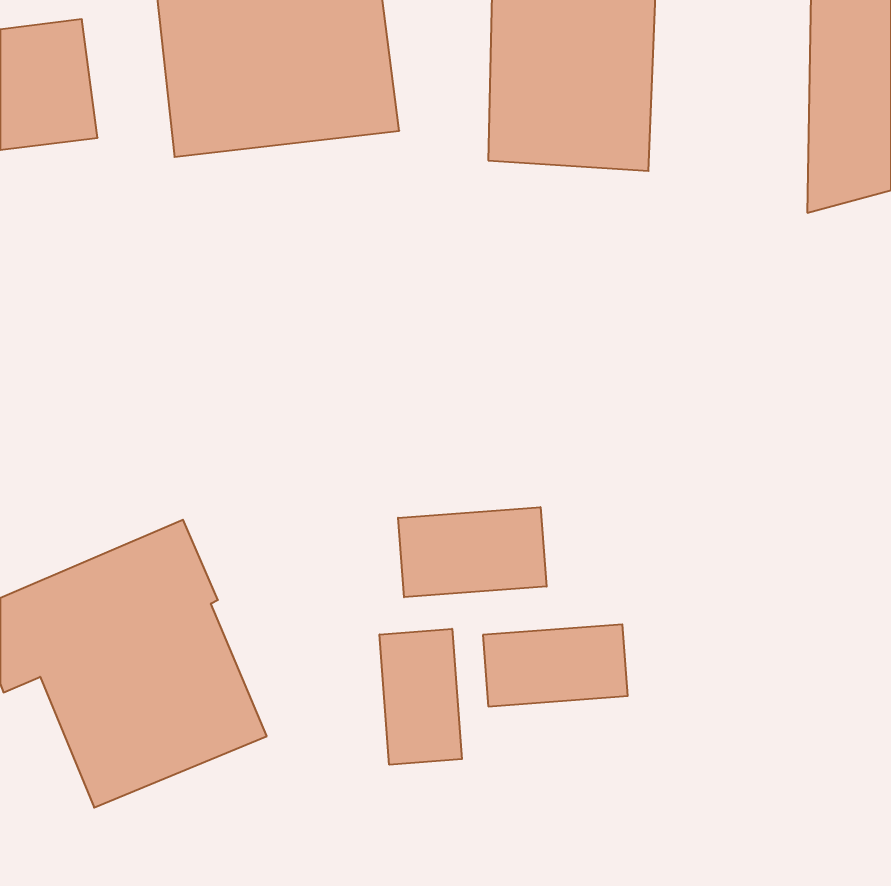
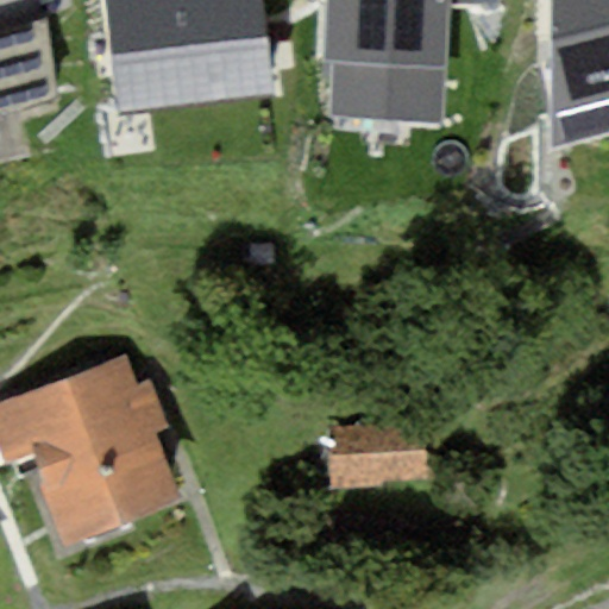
building: [398,507,547,597] -> none
building: [380,629,462,765] -> none

